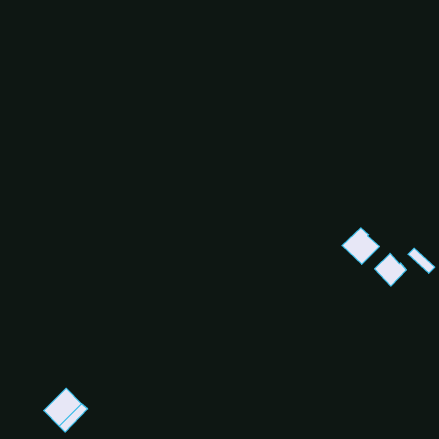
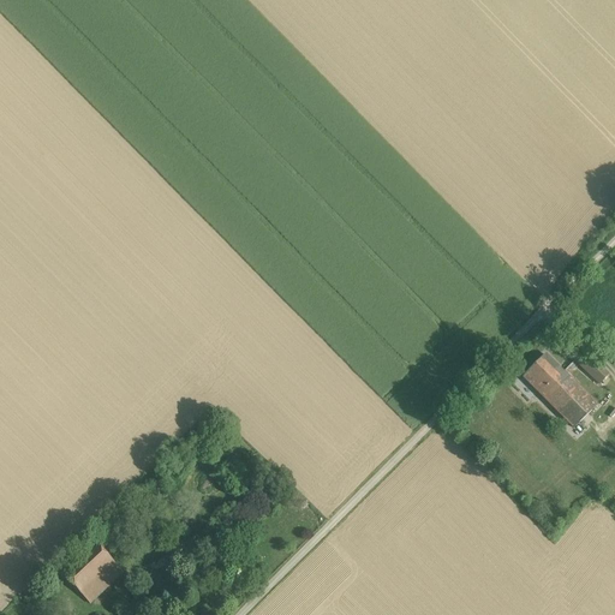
building: [342,228,379,264] -> none
building: none -> [547,377,596,426]

